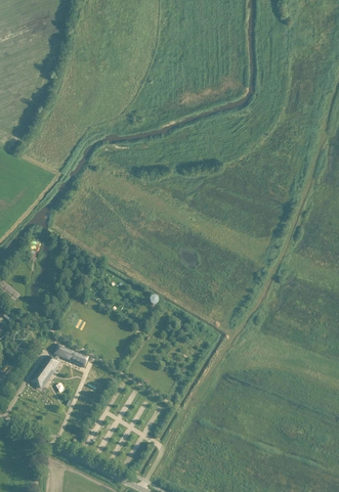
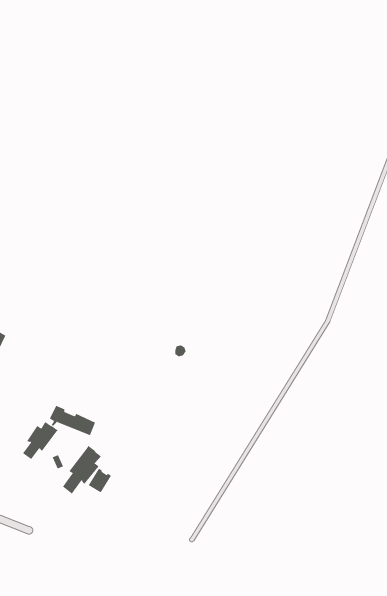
building: none -> [62,445,102,494]

